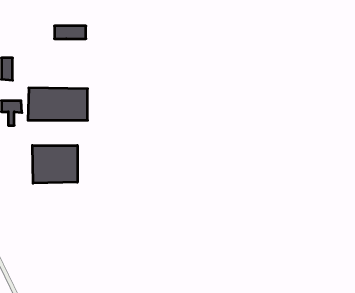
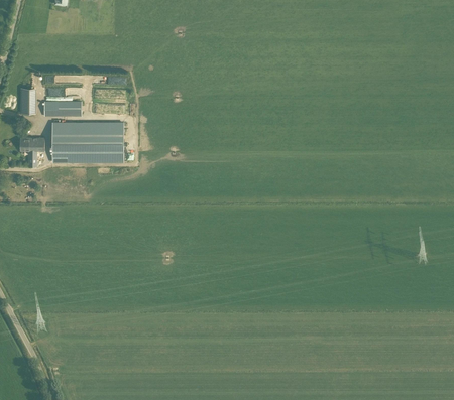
building: [54,26,86,39] -> [43,101,81,116]
building: [32,145,77,183] -> none

